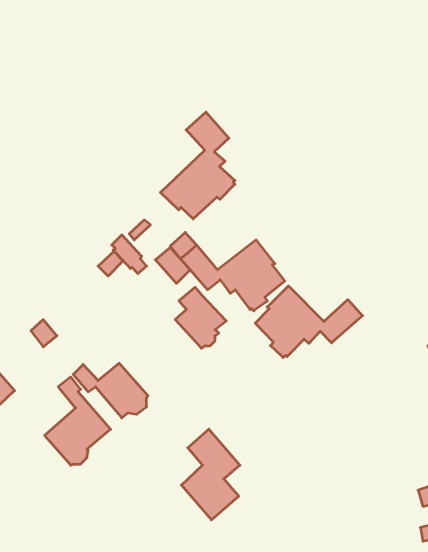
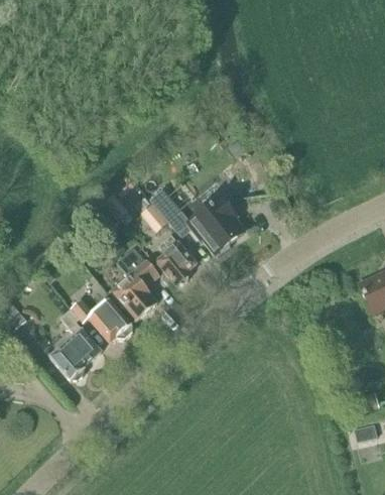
building: [160,112,235,219] -> none
building: [255,286,363,358] -> none
building: [181,429,240,520] -> [111,247,158,321]

